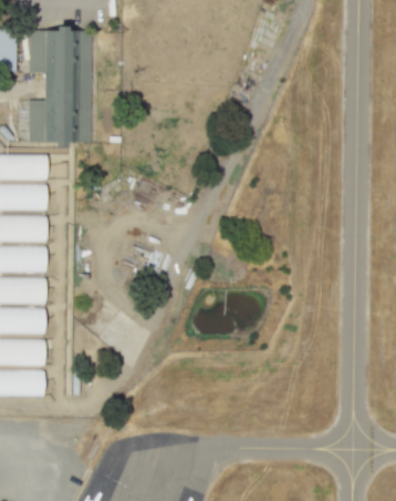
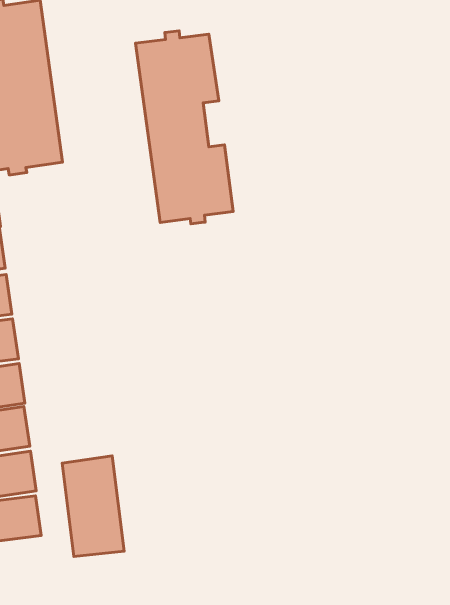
building: none -> [136,31,233,224]
building: none -> [62,456,124,556]

